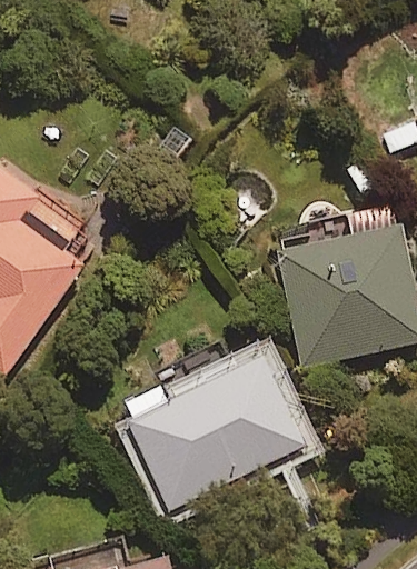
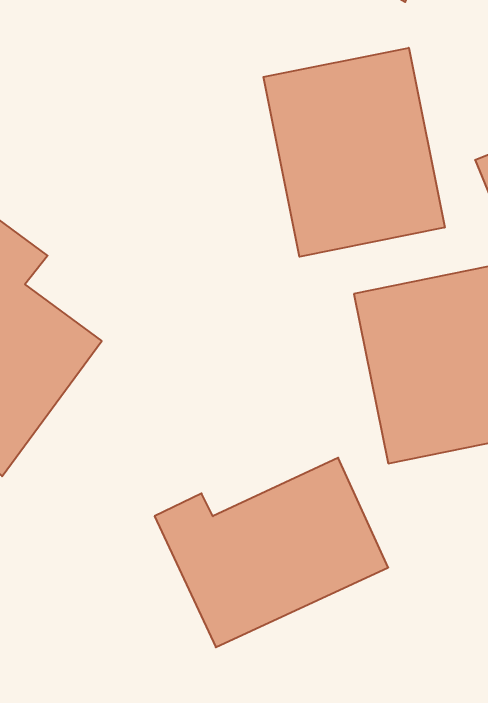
building: none -> [263,48,445,257]

